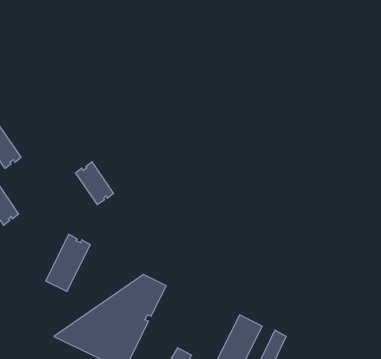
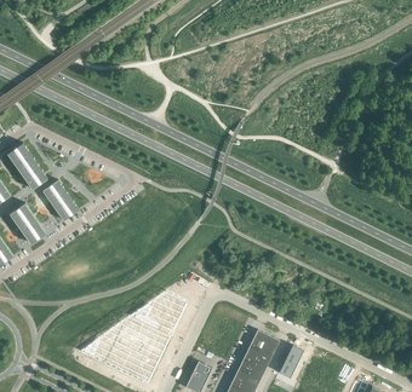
building: [76,162,113,205] -> [41,180,78,221]
building: [46,234,90,291] -> none

